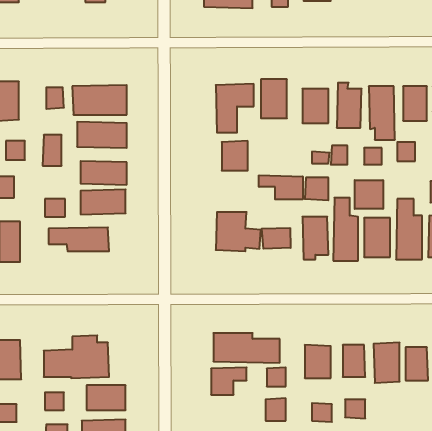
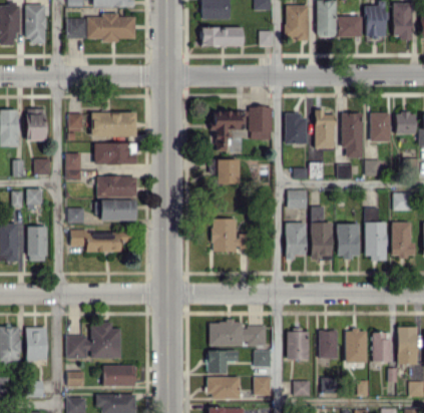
building: [259,175,303,199] -> none
building: [355,180,383,209] -> none
building: [262,228,291,249] -> none
building: none -> [208,376,241,399]

